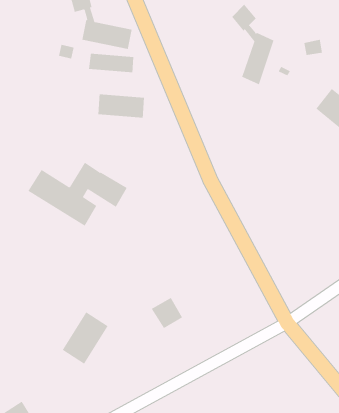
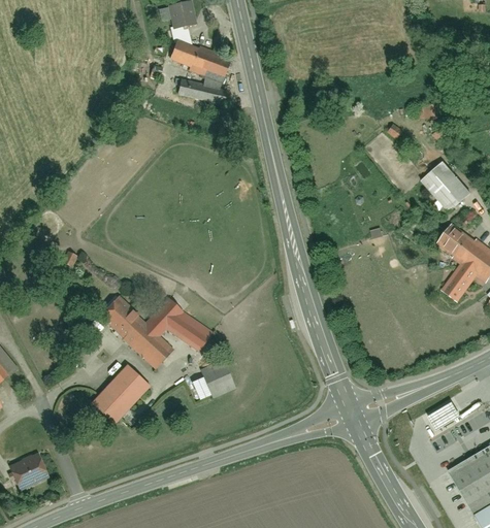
building: [231,4,274,85] -> none
building: [98,94,145,118] -> none
building: [27,162,128,227] -> [98,296,210,368]

